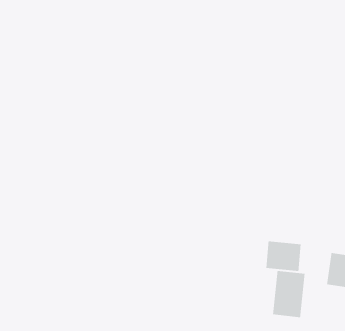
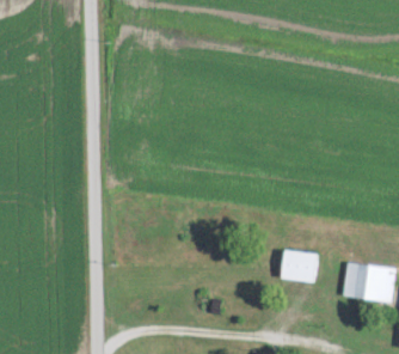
building: [272,270,306,318] -> none

